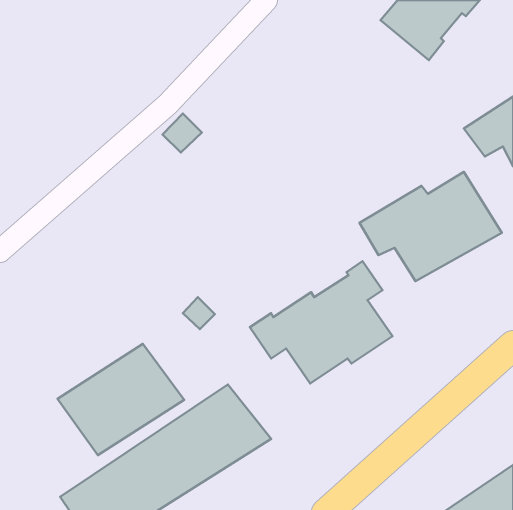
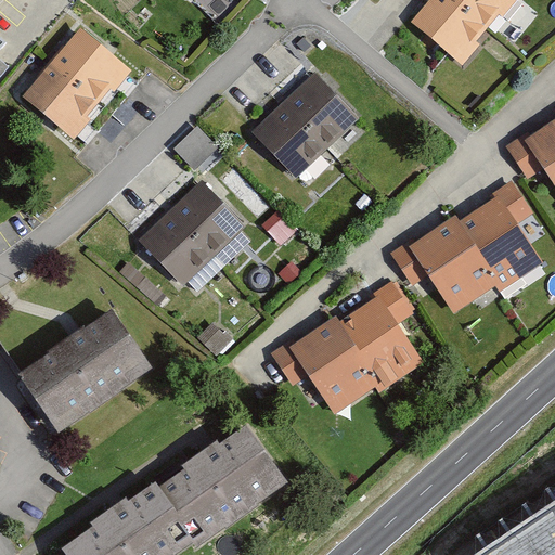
building: none -> [24,22,132,138]
building: none -> [251,75,359,181]
building: none -> [140,183,247,291]
building: [58,344,184,455] -> [18,304,155,424]

